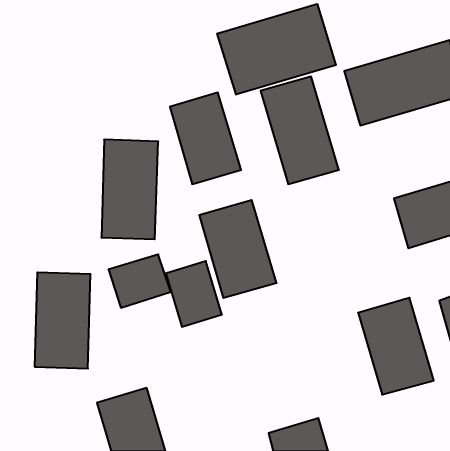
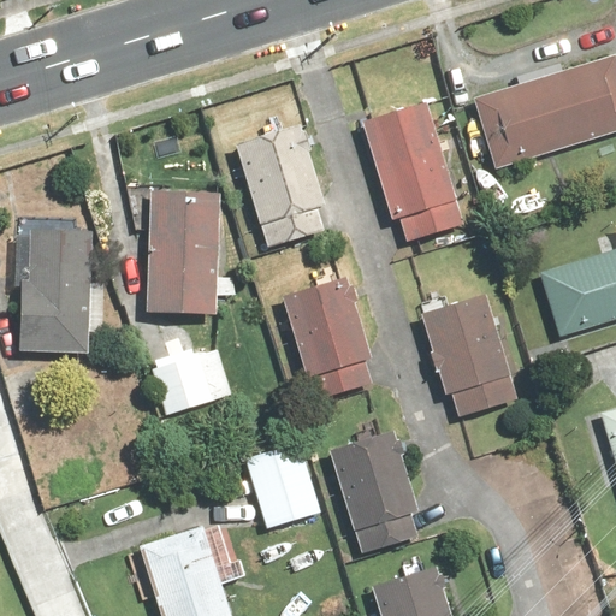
building: [217,4,336,95] -> none
building: [166,261,222,327] -> [247,438,322,527]
building: [35,272,91,369] -> [18,229,94,359]
building: [358,298,434,395] -> [420,288,522,419]
building: none -> [325,430,428,558]

